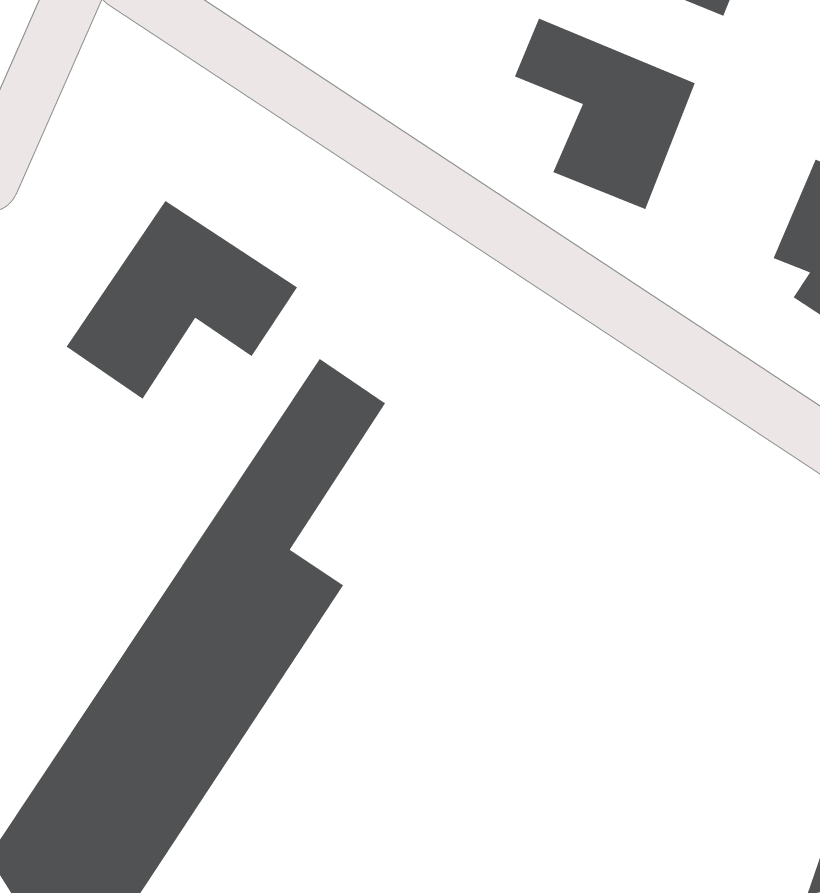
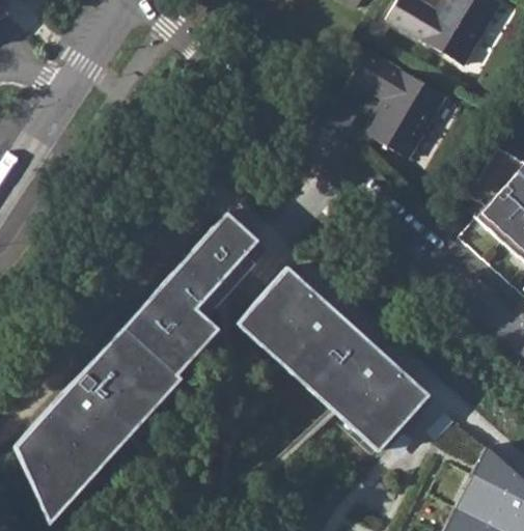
building: [65,200,298,400] -> none
building: none -> [238,267,431,451]

